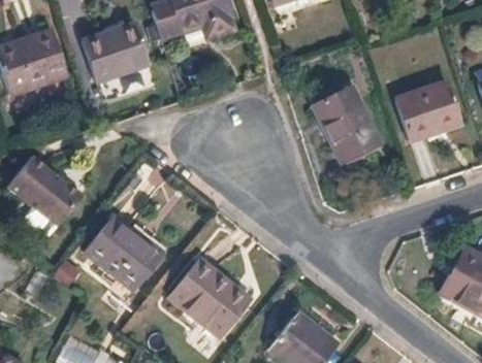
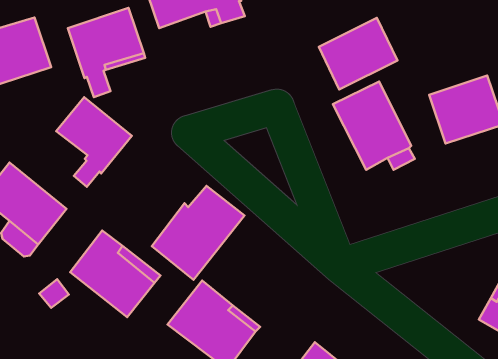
building: none -> [319,18,397,90]
building: none -> [56,97,132,187]
building: none -> [152,186,244,280]

